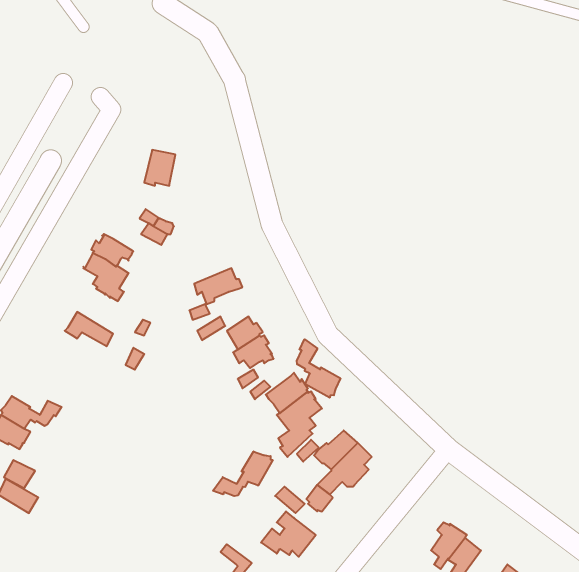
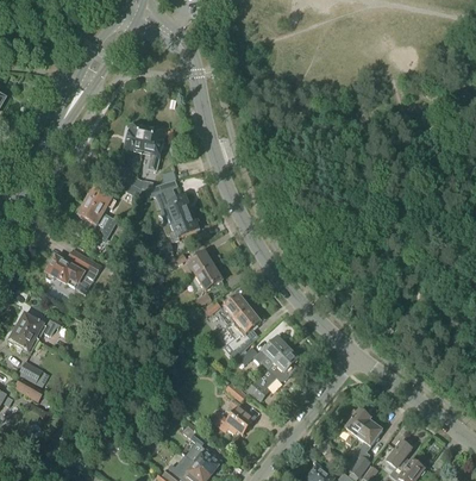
building: none -> [144,126,165,168]
building: none -> [155,186,192,224]
building: none -> [46,256,96,291]
building: [297,339,340,398] -> none
building: [213,451,273,496] -> none

